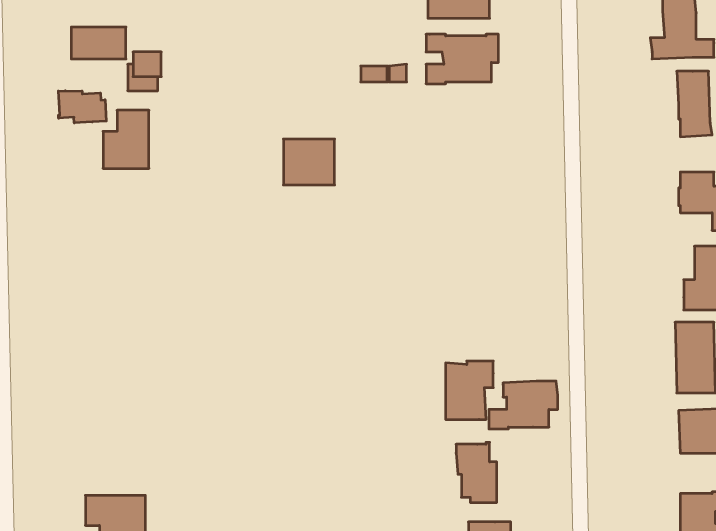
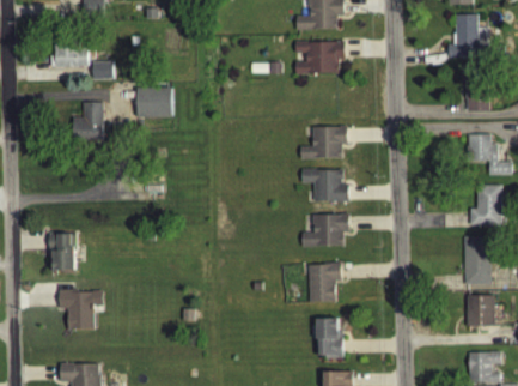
building: [58,91,106,123] -> none
building: [283,139,335,185] -> [140,78,175,109]
building: none -> [299,127,346,161]
building: none -> [301,169,347,203]
building: none -> [51,224,78,263]
building: [489,381,558,429] -> [301,215,348,247]
building: none -> [61,281,97,322]

